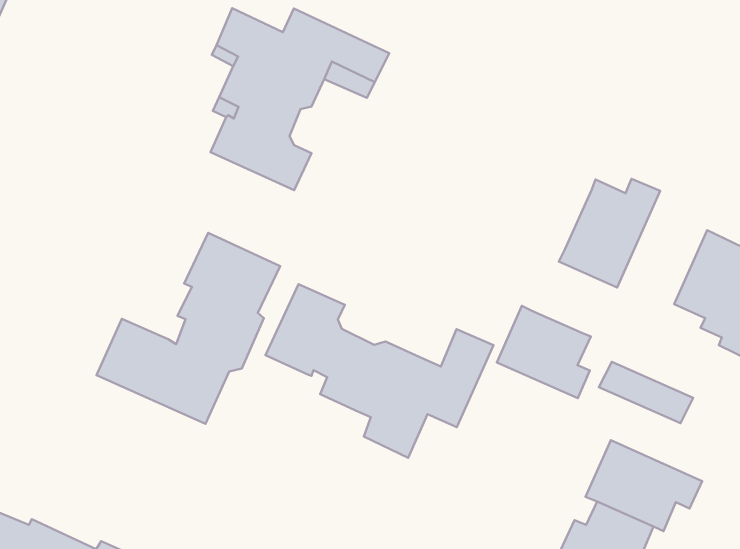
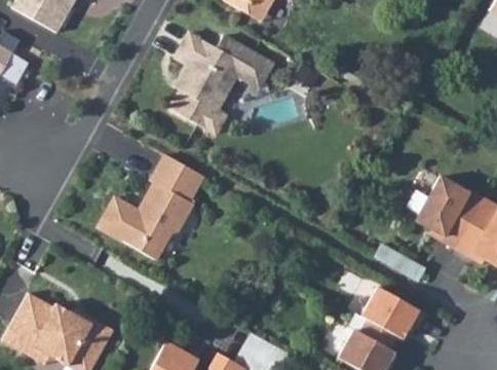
building: [559,179,660,288] -> none
building: [265,284,494,458] -> none
building: [497,306,591,398] -> none

